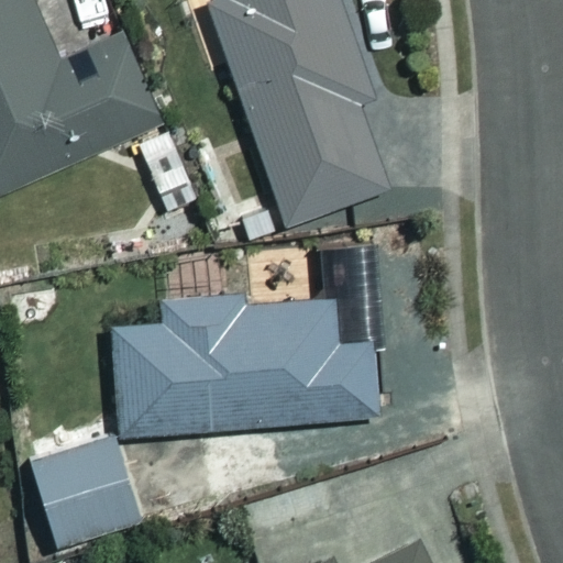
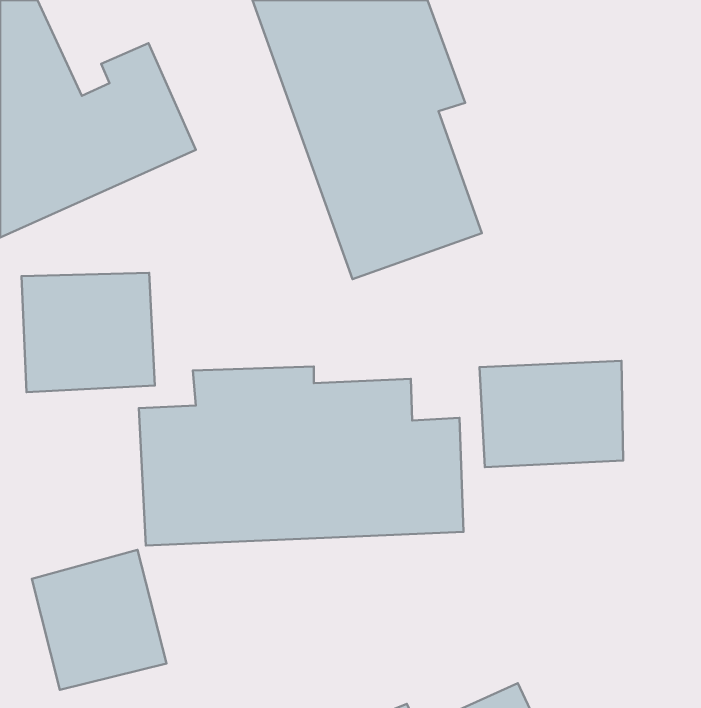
building: none -> [21,273,155,392]
building: none -> [479,361,623,467]

